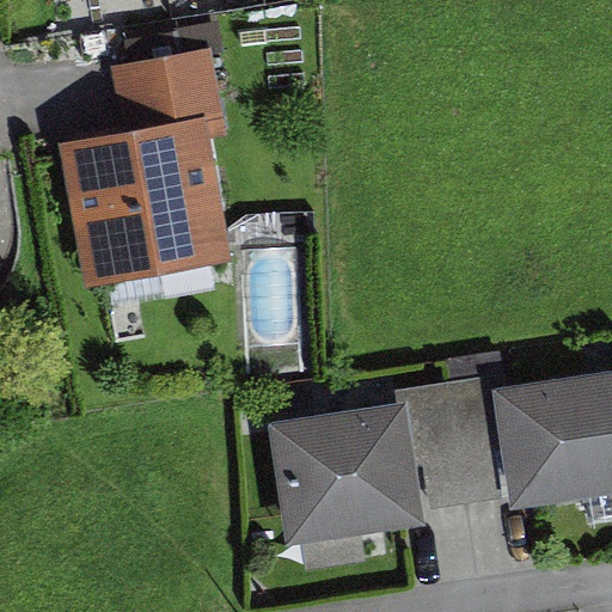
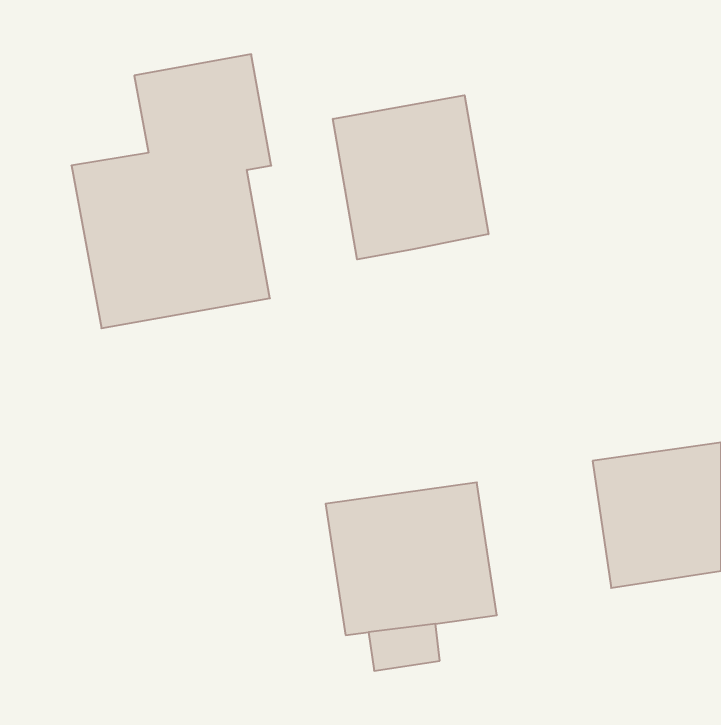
building: none -> [333,95,488,259]
building: [398,380,512,507] -> none

